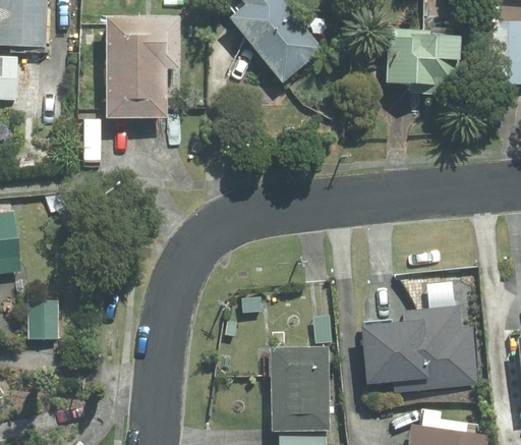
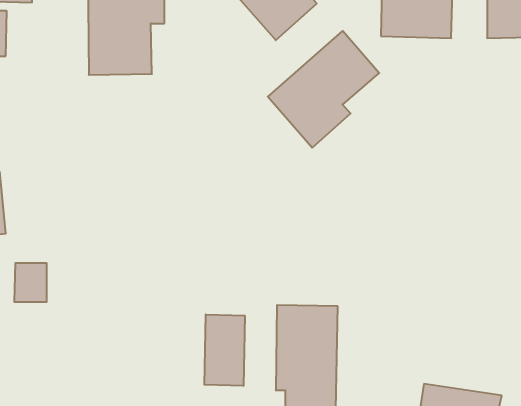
building: none -> [268,31,379,148]
building: [375,301,486,388] -> none
building: none -> [204,314,245,386]

